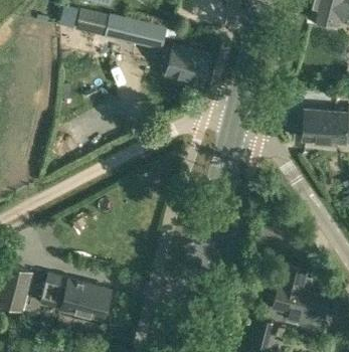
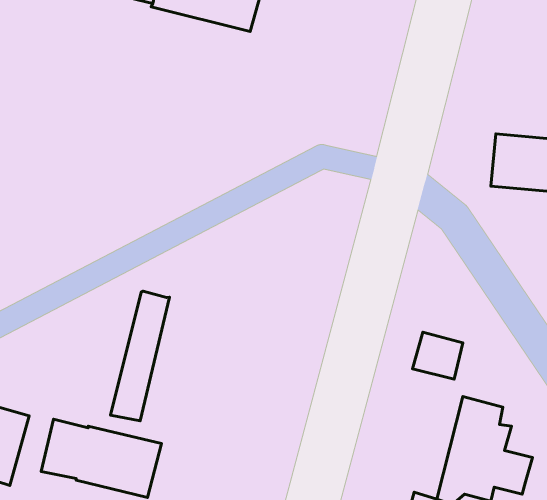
building: [166,46,210,84] -> none
building: none -> [111,291,170,421]

